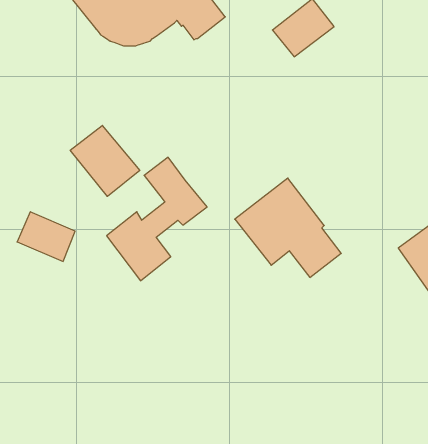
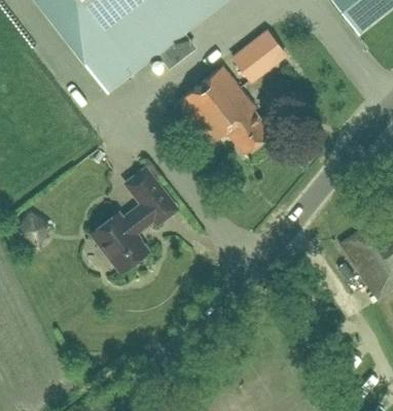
building: [70,125,140,196] -> none
building: [235,178,341,277] -> [178,67,269,151]

